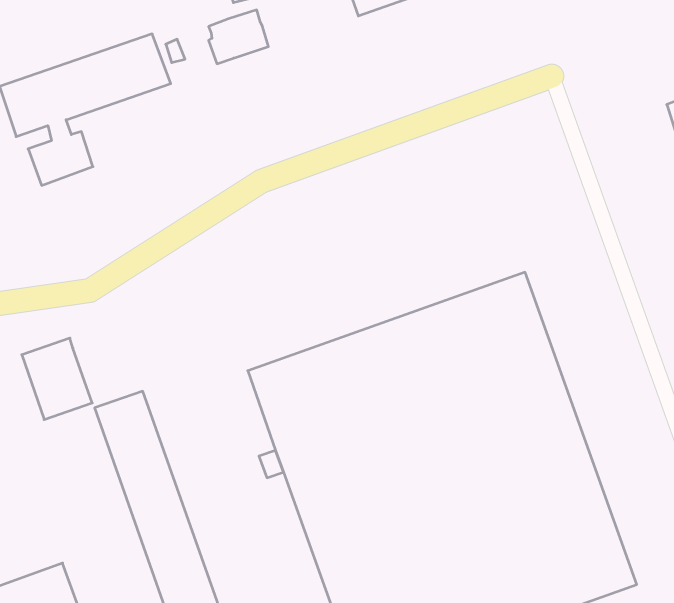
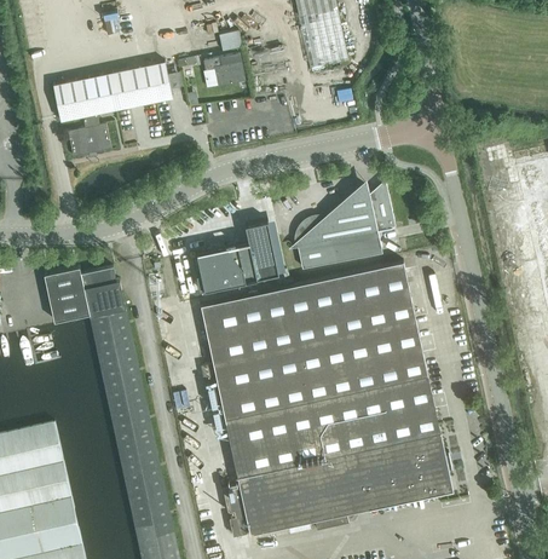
building: none -> [298,189,396,270]
building: none -> [196,221,279,290]
building: none -> [81,267,126,317]

